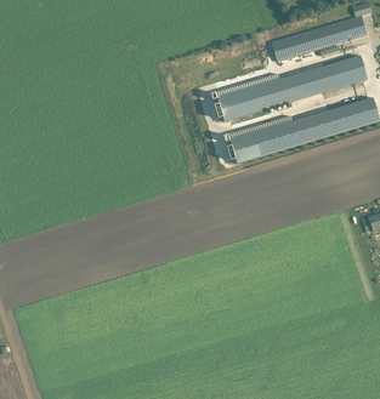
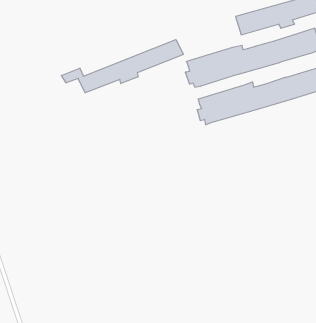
building: none -> [61,40,183,93]

